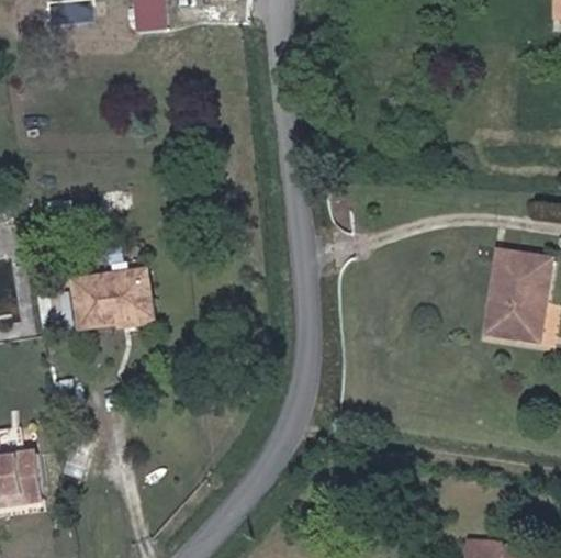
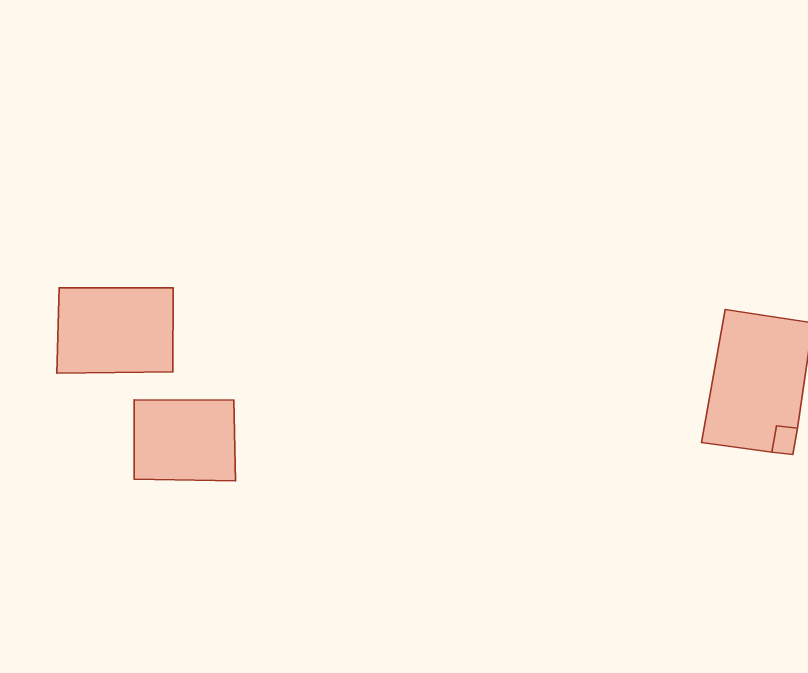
building: none -> [134,400,236,481]

